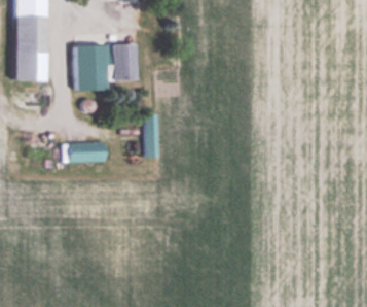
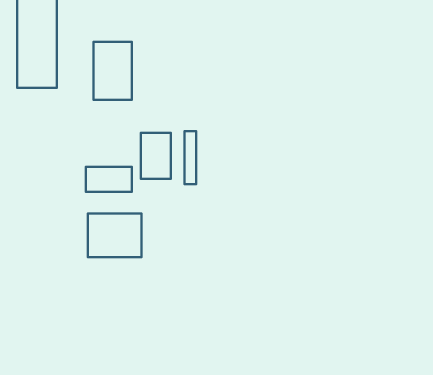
building: [112,44,136,80] -> [141,133,171,179]
building: none -> [88,214,141,257]

